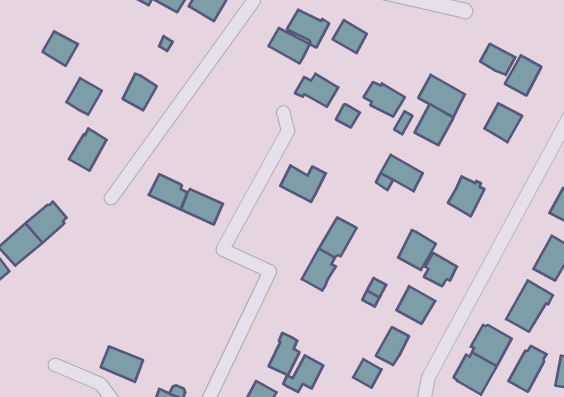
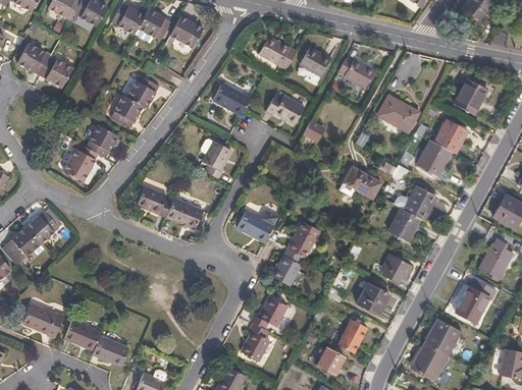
building: none -> [17,43,50,74]
building: [269,28,310,63] -> [212,83,249,115]
building: [480,44,515,75] -> none
building: none -> [127,74,159,107]
building: [66,78,102,115] -> [86,124,117,157]
building: [364,82,405,116] -> [337,57,374,88]
building: [415,104,453,145] -> [417,141,452,177]
building: none -> [201,138,228,177]
building: [280,165,326,202] -> [236,213,276,245]
building: [398,230,436,270] -> [385,207,419,242]
building: none -> [23,305,64,340]
building: none -> [64,322,101,352]
building: [508,346,547,392] -> none
building: [283,355,323,392] -> [251,297,286,330]

